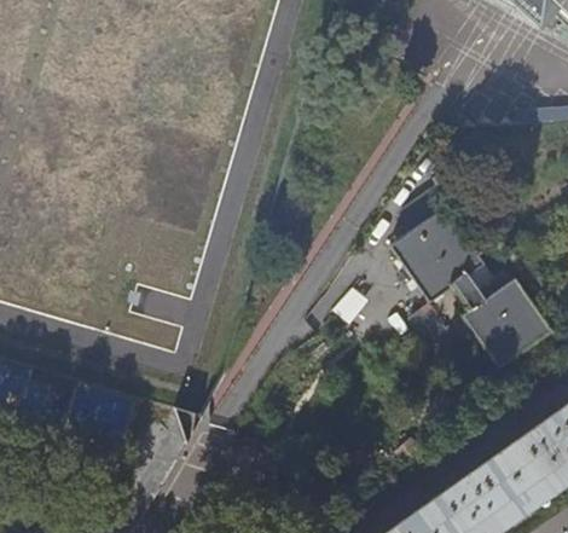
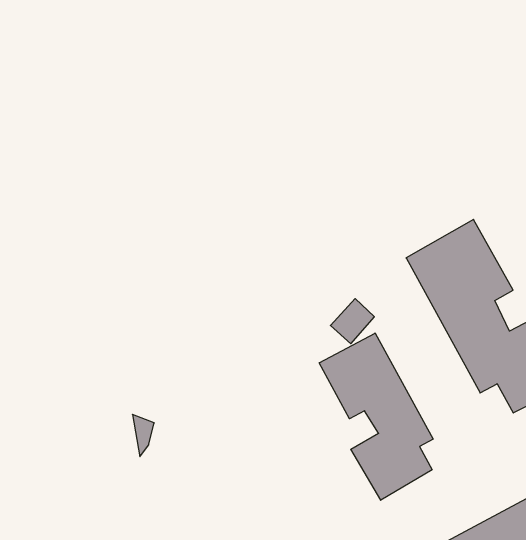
building: none -> [319,333,433,500]

